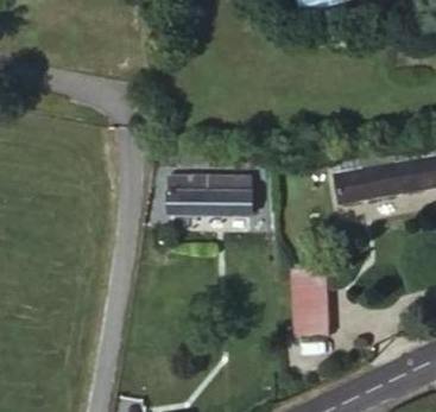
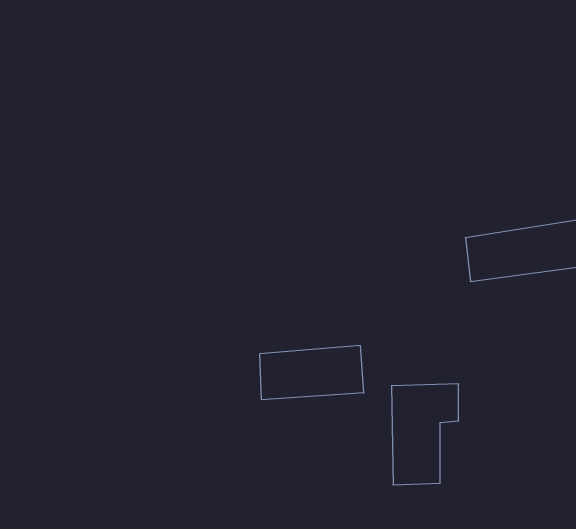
building: [173,184,247,222] -> [260,346,364,399]

